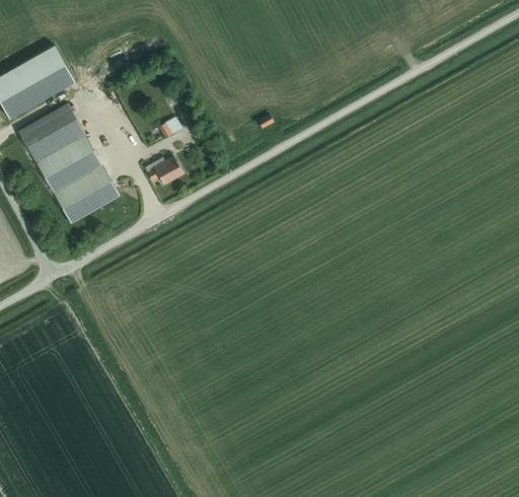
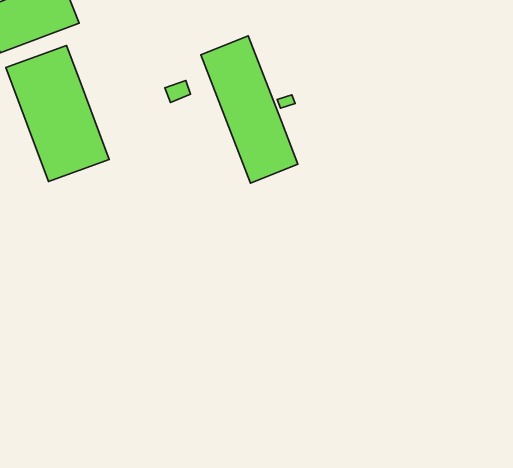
building: none -> [201,36,298,183]
building: [147,157,183,186] -> none

